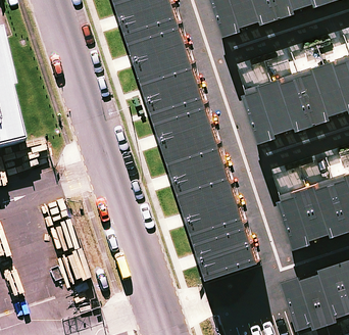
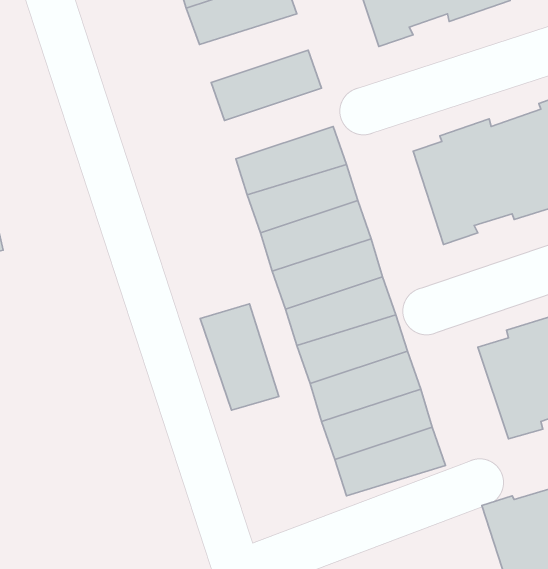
building: [128,19,186,56] -> none
building: [141,59,199,97] -> none
building: none -> [200,304,279,410]

